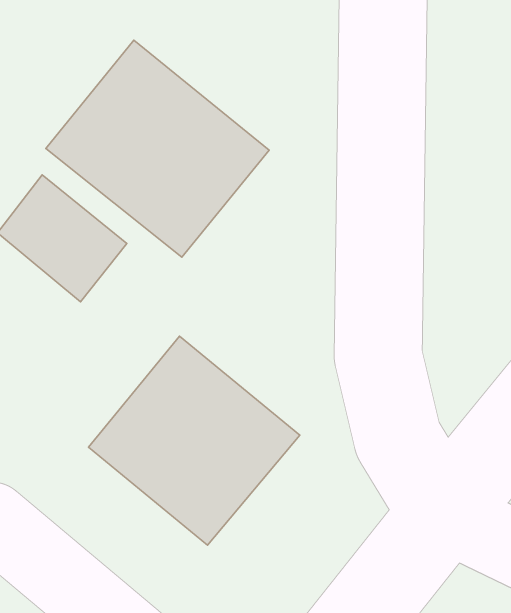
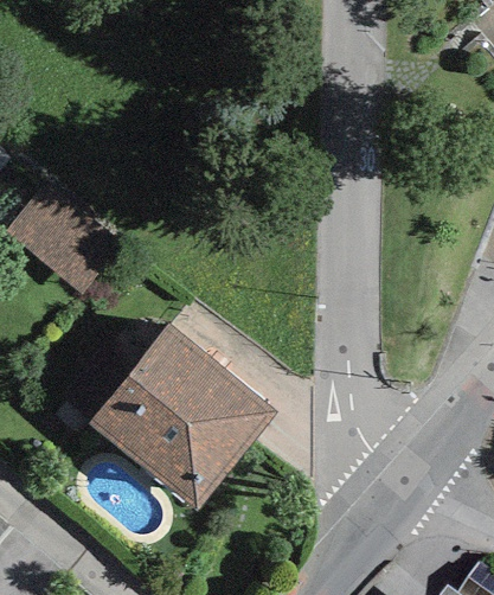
building: [46,40,269,257] -> none

